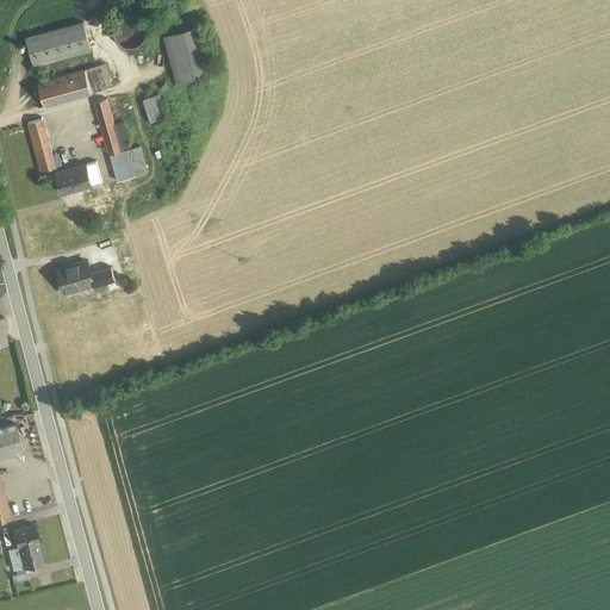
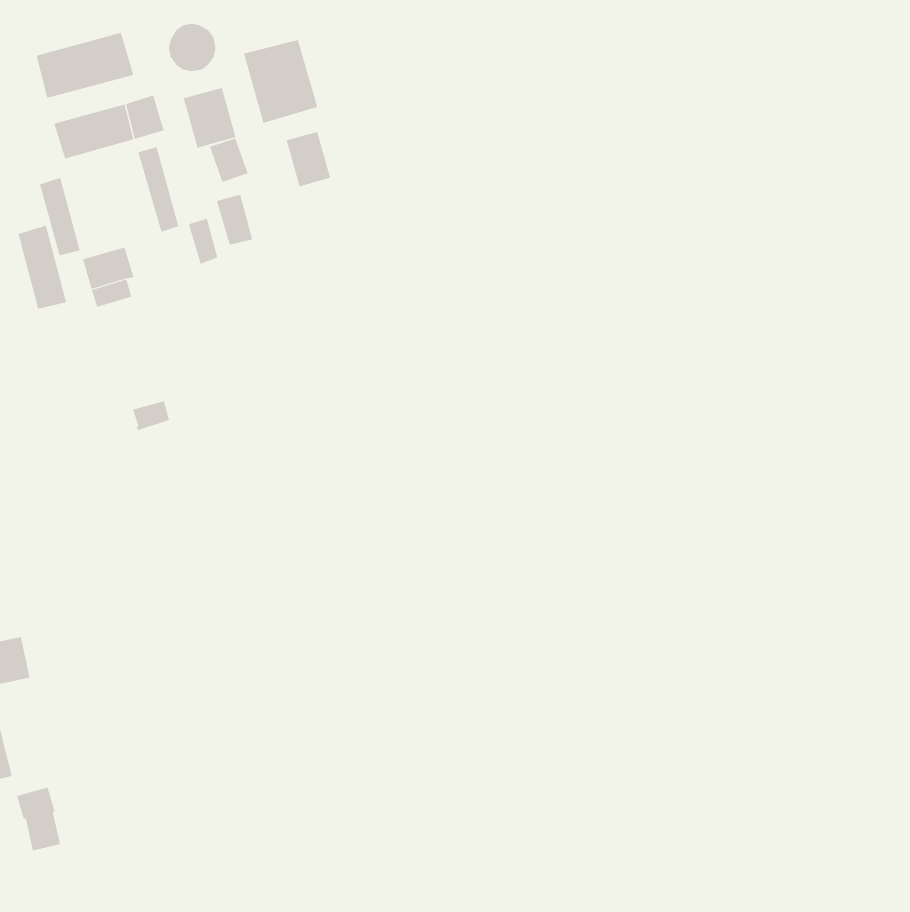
building: none -> [183,87,236,149]
building: none -> [286,131,331,187]
building: none -> [216,194,253,245]
building: none -> [18,225,67,310]
building: [55,262,92,295] -> none

